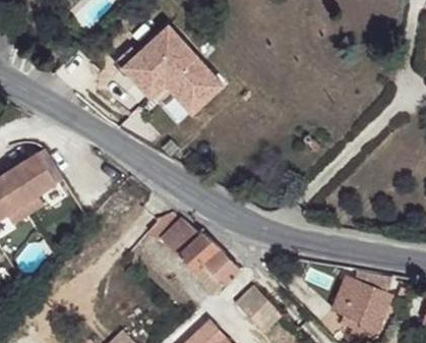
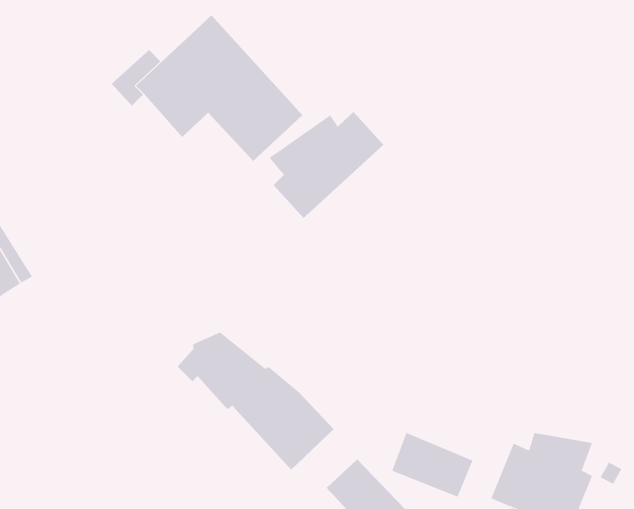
building: none -> [269,111,384,219]
building: none -> [392,432,473,498]

